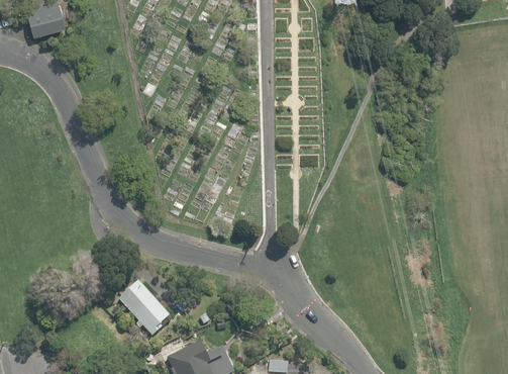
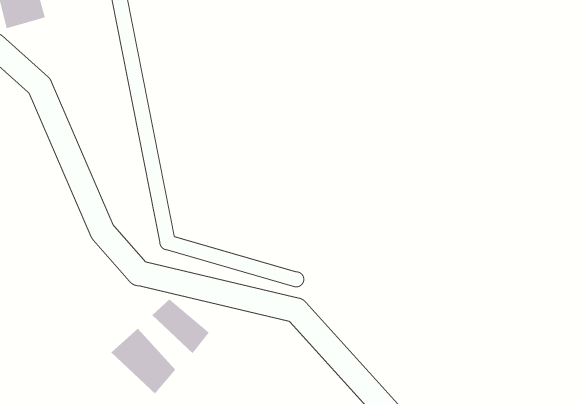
building: none -> [151,299,210,354]

